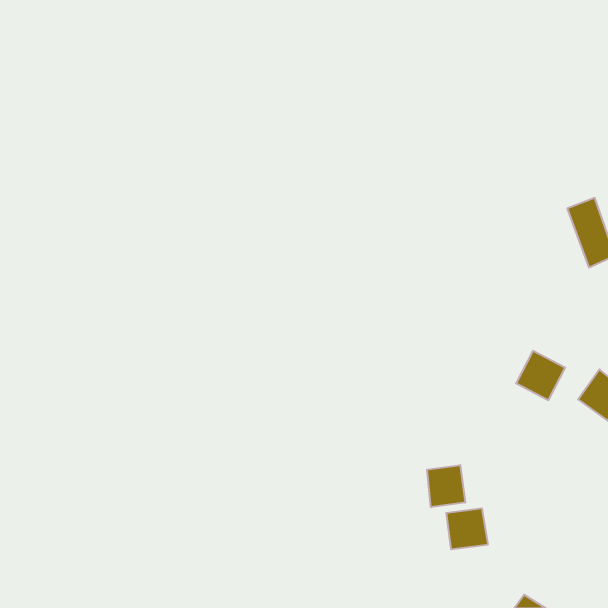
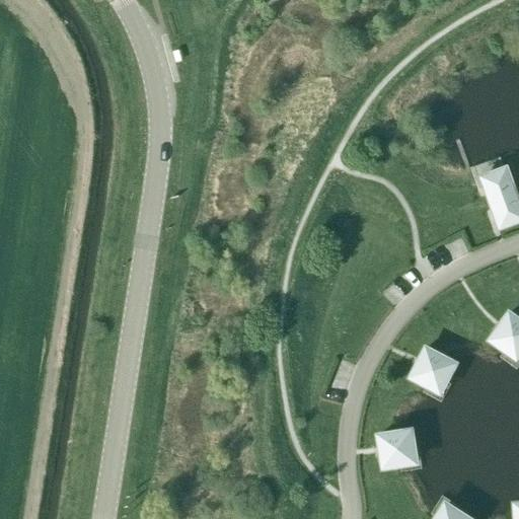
building: [516,351,565,400] -> [414,348,455,389]
building: [427,465,465,507] -> none

